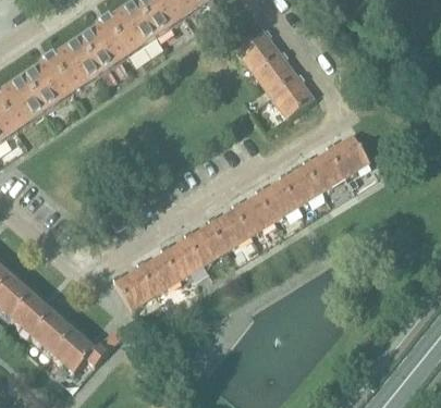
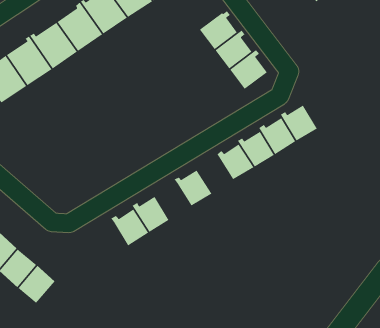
building: [232,191,274,233] -> none
building: [185,221,228,262] -> none
building: [113,264,157,307] -> none
building: [54,326,122,373] -> none

